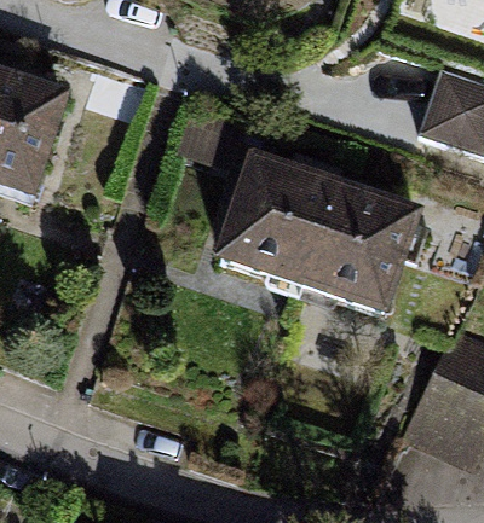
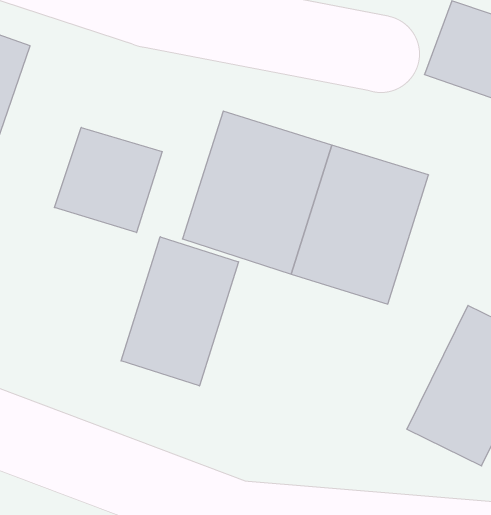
building: none -> [54,127,162,233]
building: none -> [121,237,239,386]

